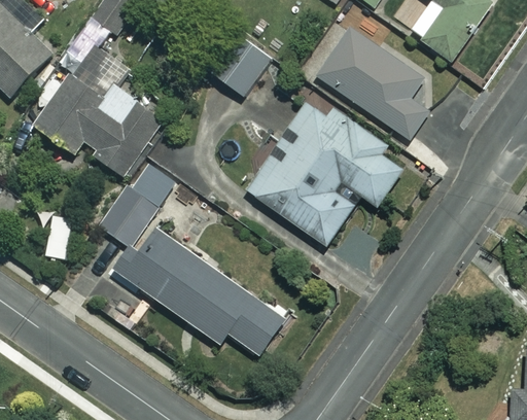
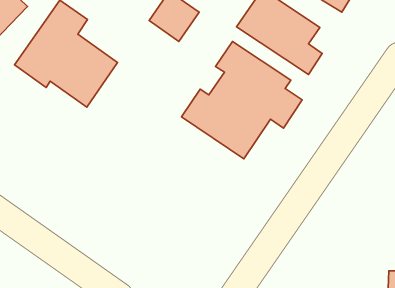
building: [103,162,284,354] -> none

